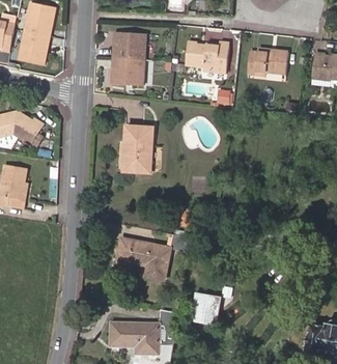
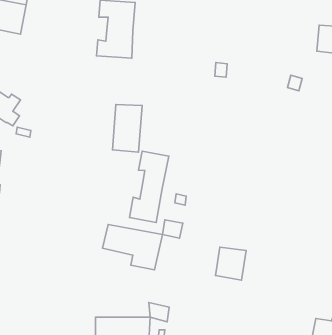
building: [187,41,229,73] -> none
building: [248,49,287,74] -> none
building: none -> [129,151,169,223]
building: [192,296,220,326] -> [215,247,246,280]

